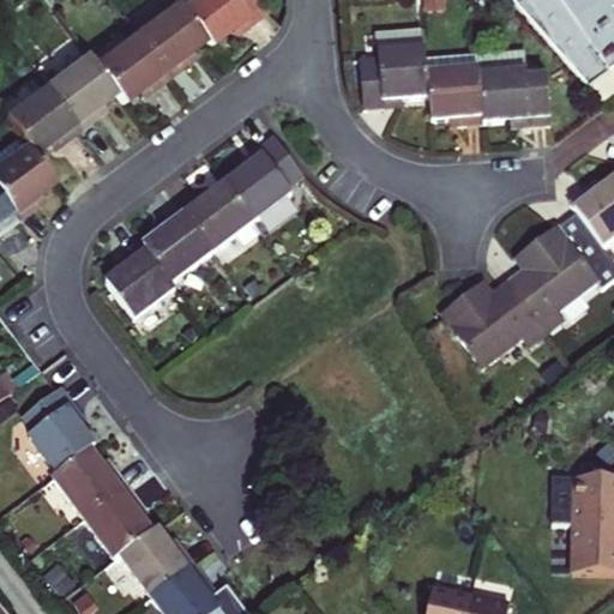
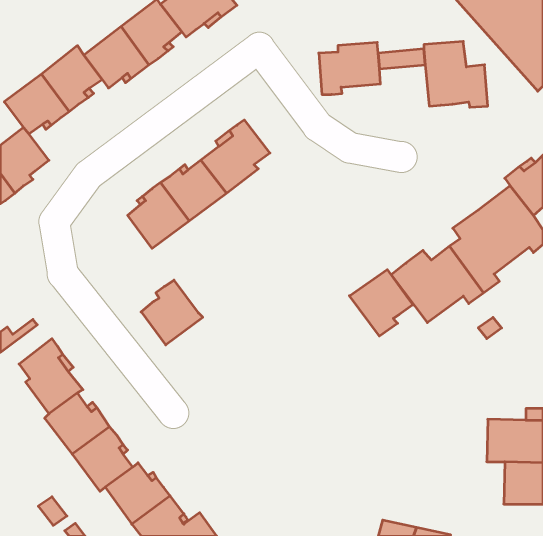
building: [428,73,484,122] -> none
building: [107,243,176,317] -> [141,280,203,345]
building: none -> [349,270,413,336]

